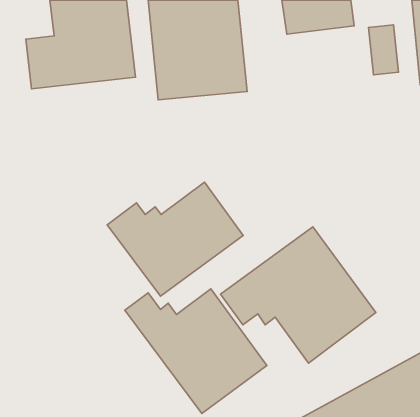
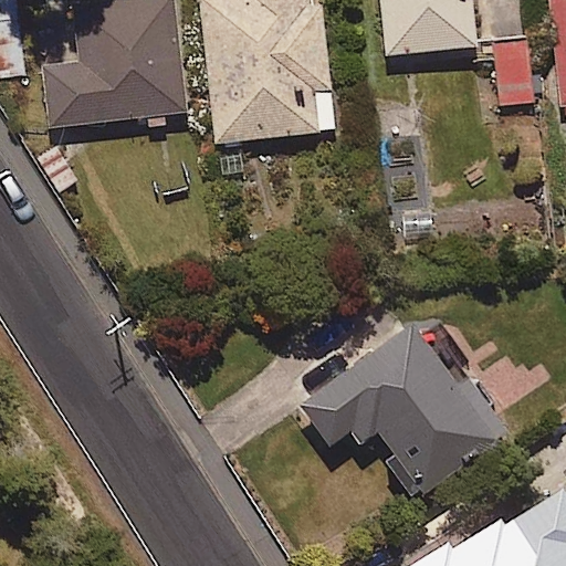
building: [107,182,243,296] -> none
building: [125,289,267,413] -> none

